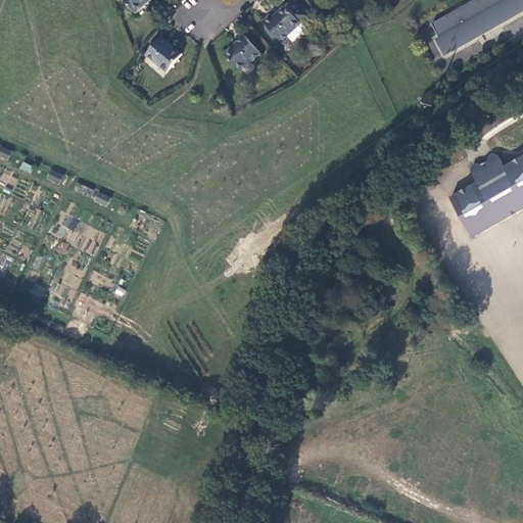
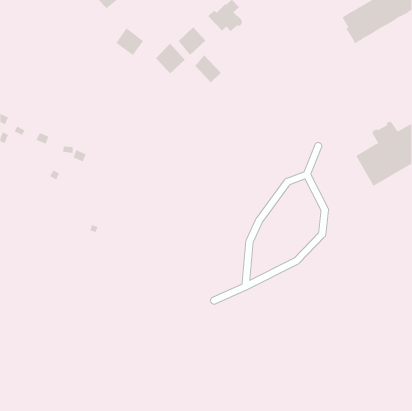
building: none -> [155,43,186,74]
building: none -> [195,55,222,83]

